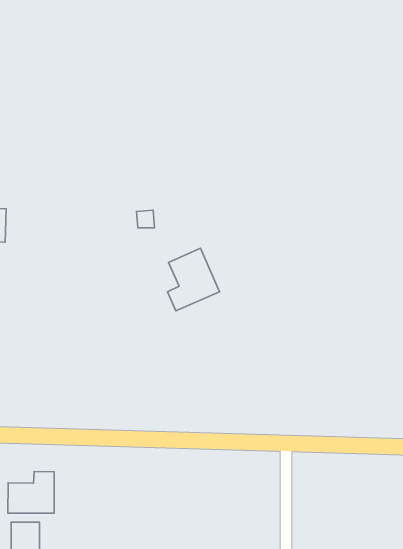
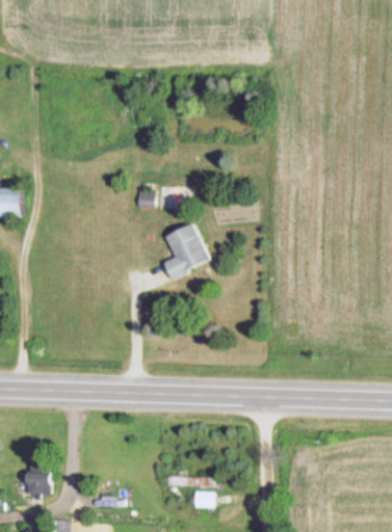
building: [8,472,54,513] -> none

